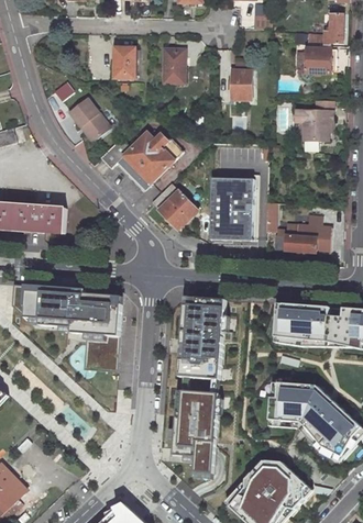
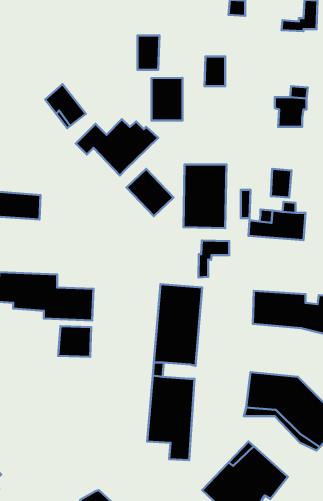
building: [112,47,134,79] -> none
building: [304,47,330,74] -> none
building: none -> [151,78,183,121]
building: none -> [271,169,291,198]
building: none -> [199,240,229,277]

